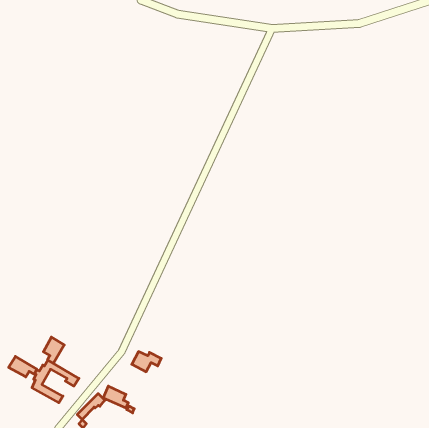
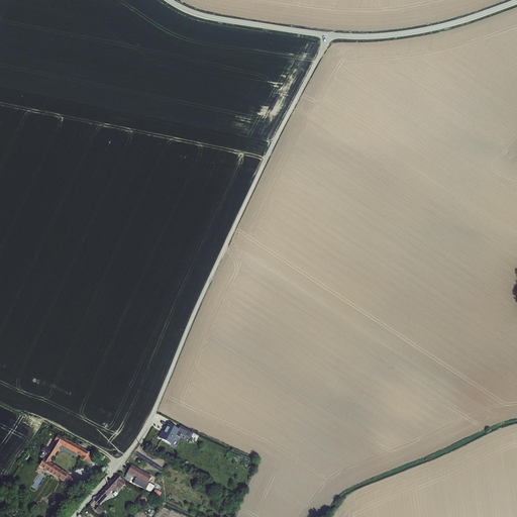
building: [43,337,64,363] -> none
building: [9,356,37,377] -> none

